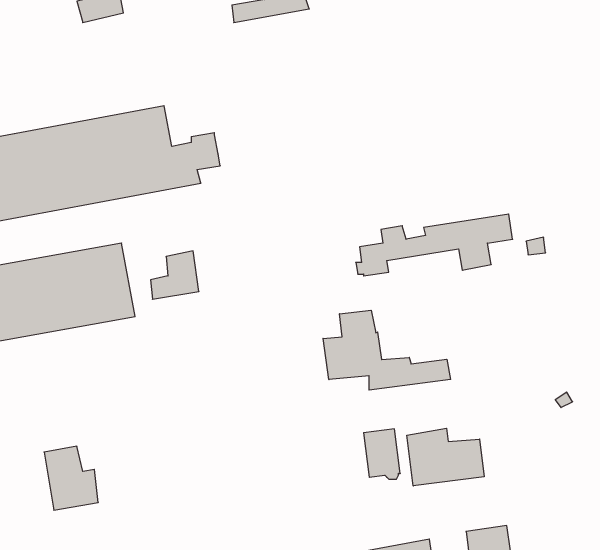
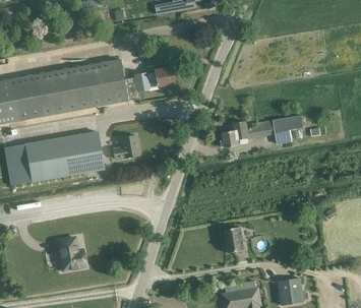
building: none -> [145,67,173,88]
building: [323,310,451,390] -> none
building: [407,428,484,486] -> none

